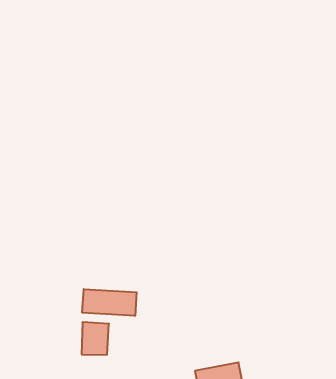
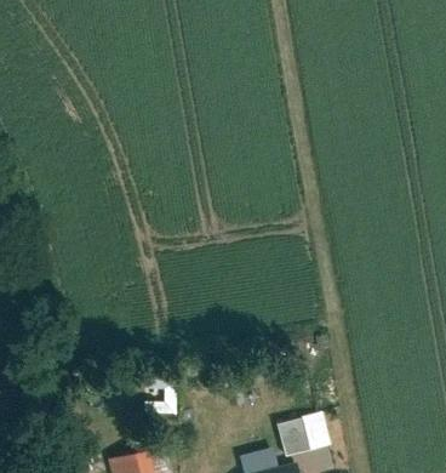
building: [82,289,137,316] -> none

